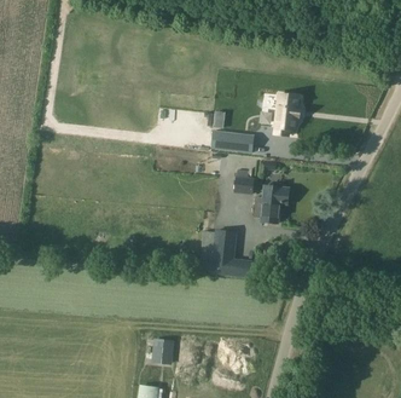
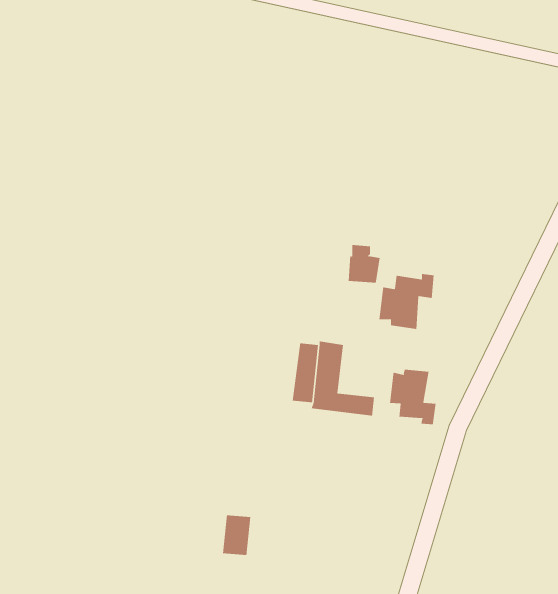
building: [272,94,296,134] -> none
building: [211,131,254,152] -> none
building: none -> [389,369,436,425]

